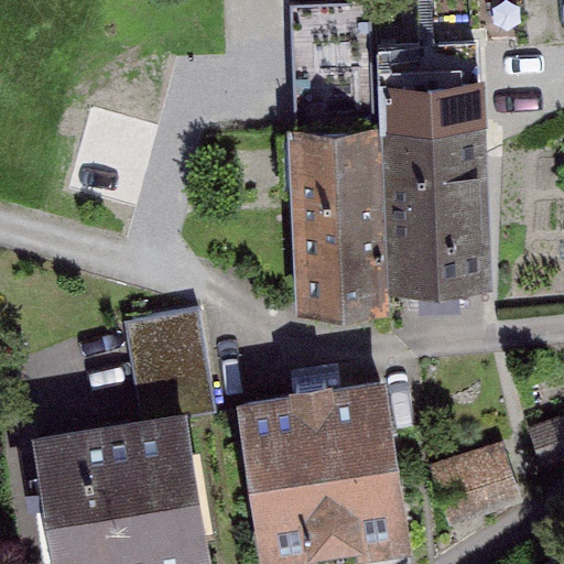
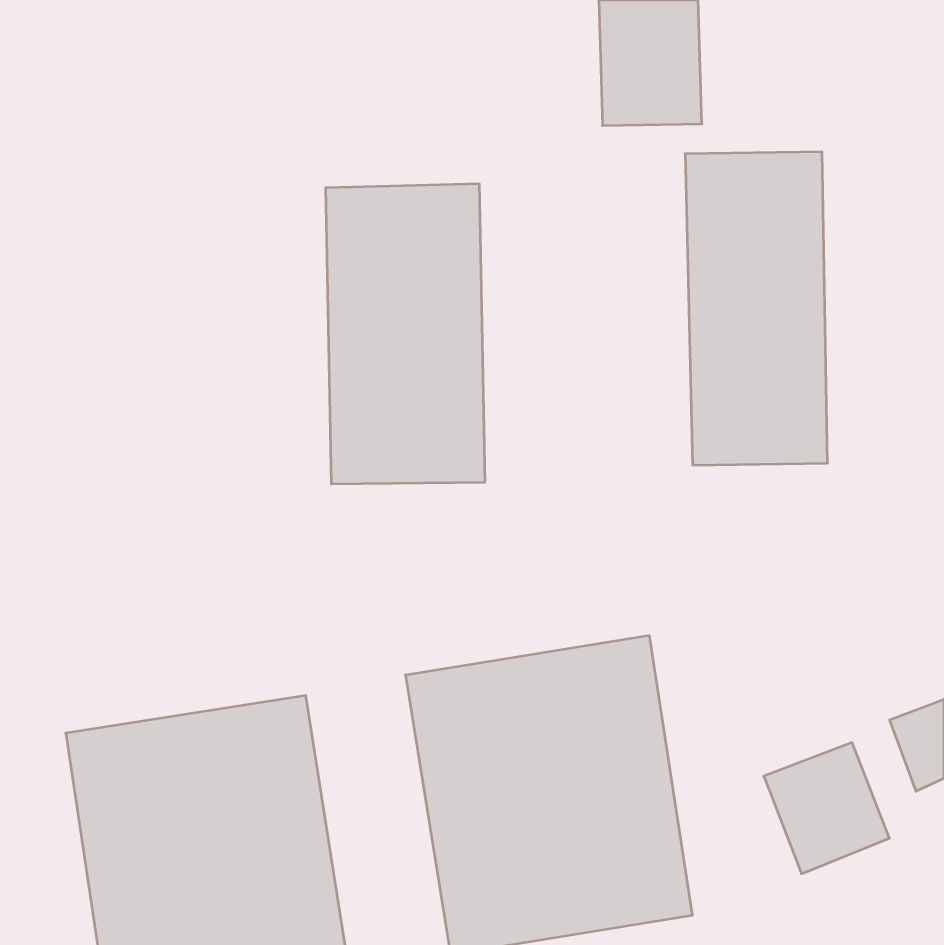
building: [292,132,386,308] -> [326,184,485,484]
building: [120,314,210,412] -> none

